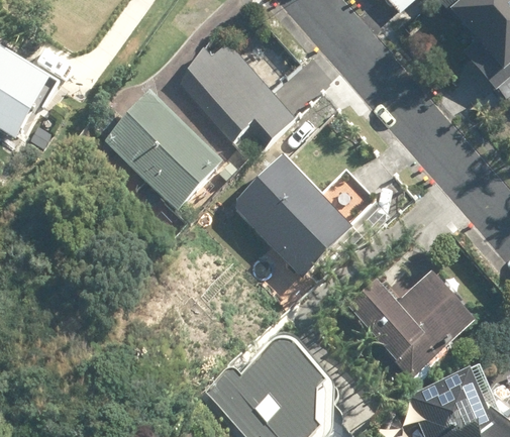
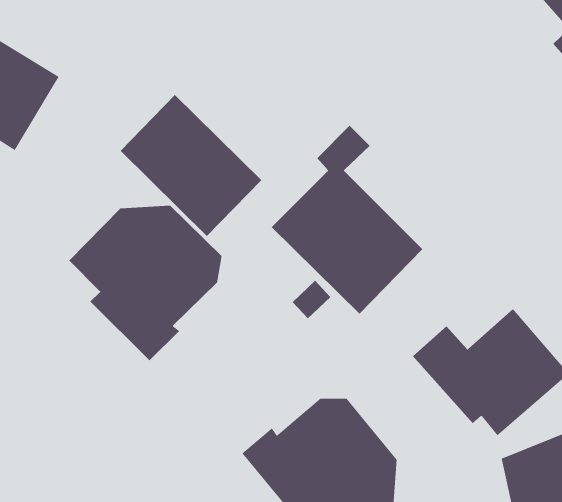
building: [176,39,297,145] -> none
building: none -> [69,205,222,361]

